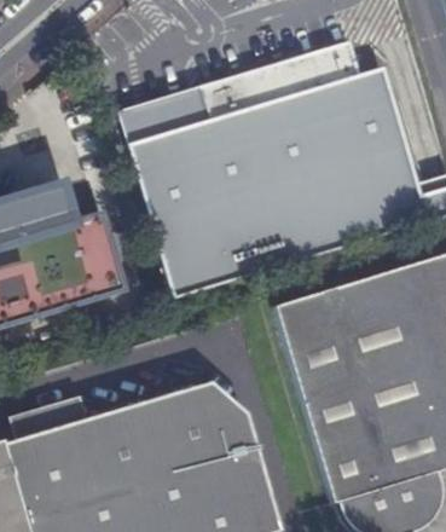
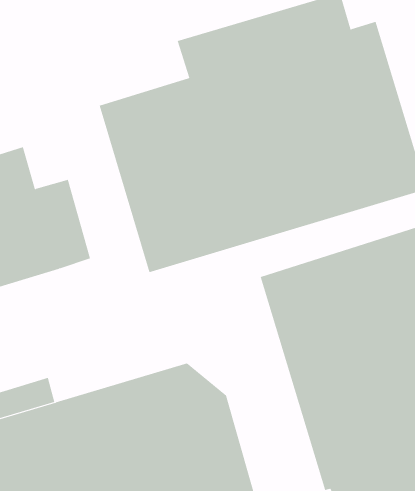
building: [117,88,210,148] -> none

